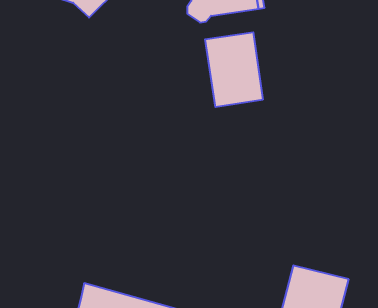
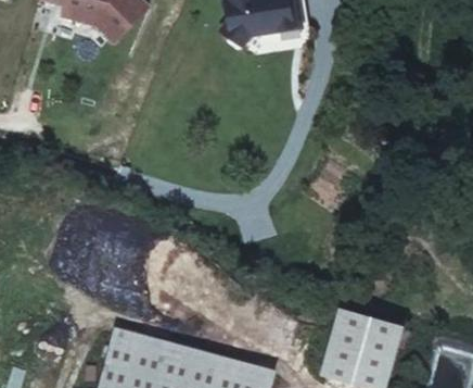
building: [205,32,263,107] -> none

